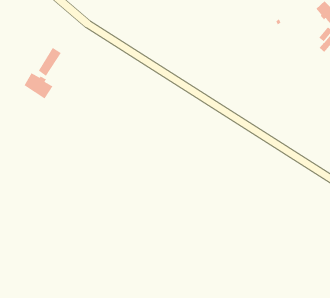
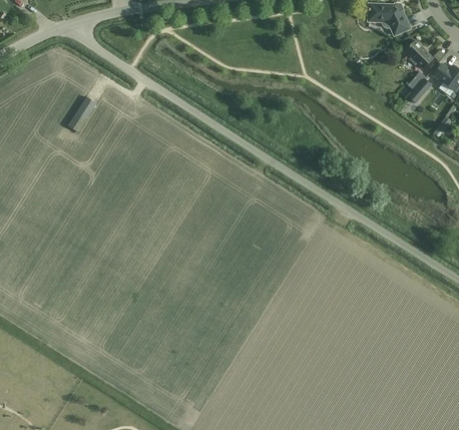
building: [24,72,54,99] -> none

